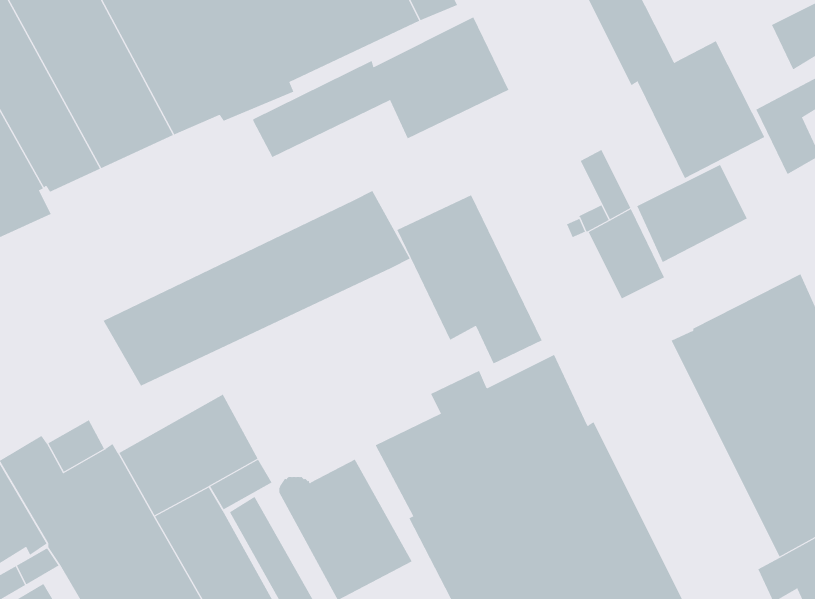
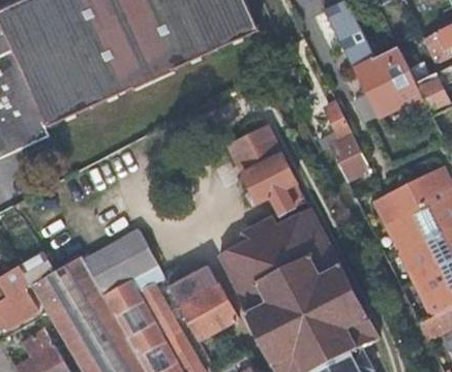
building: [253,16,509,158] -> none
building: [637,164,747,263] -> none
building: [103,190,411,386] -> none

